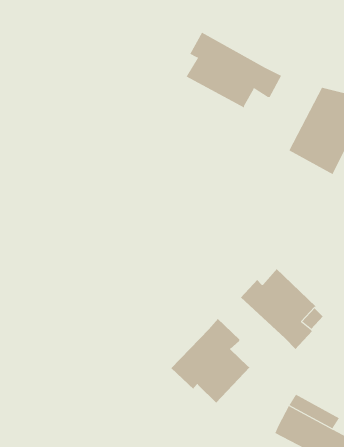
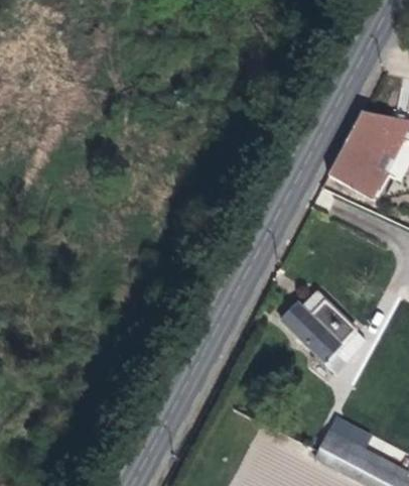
building: [186,32,282,109] -> none
building: [171,318,250,404] -> none

